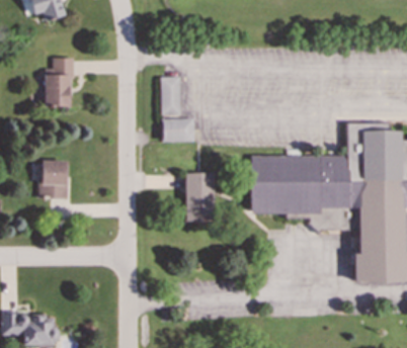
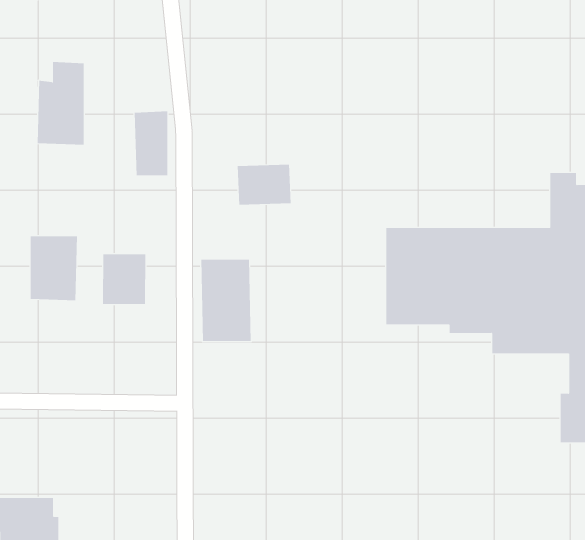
building: [161,76,181,114] -> [134,111,168,176]
building: none -> [102,254,146,305]
building: [186,172,217,221] -> [200,259,252,341]

